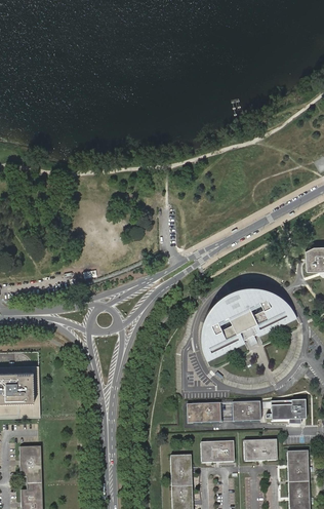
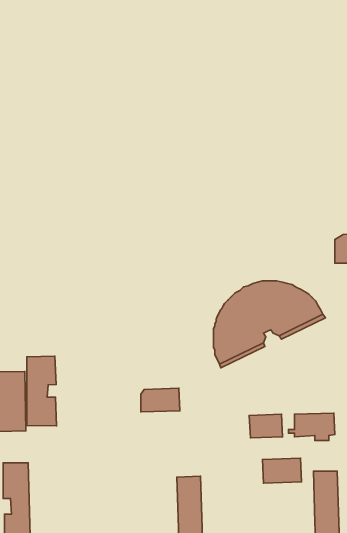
building: none -> [27,356,57,426]
building: [187,402,220,423] -> [141,388,180,412]
building: [199,441,233,463] -> none

